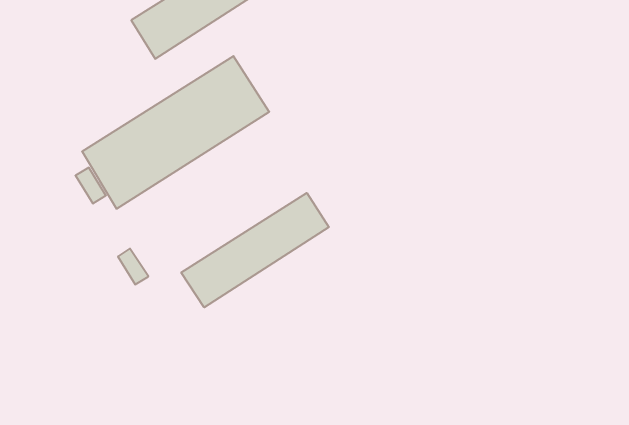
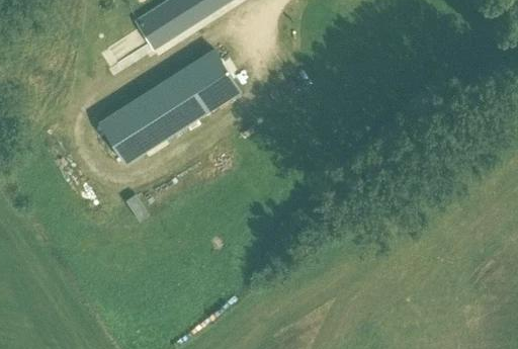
building: [181,193,329,307] -> none

